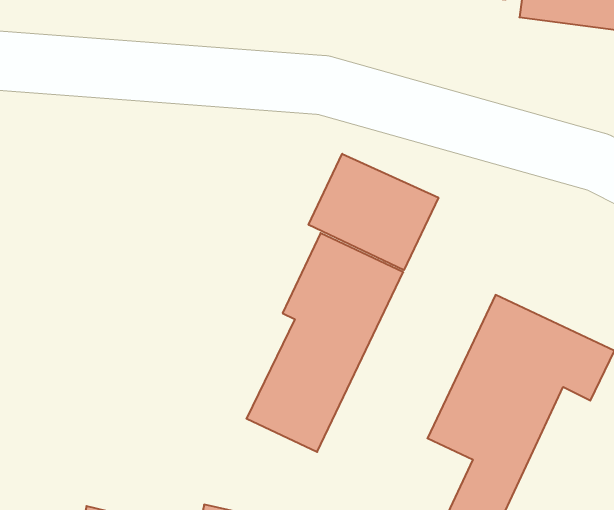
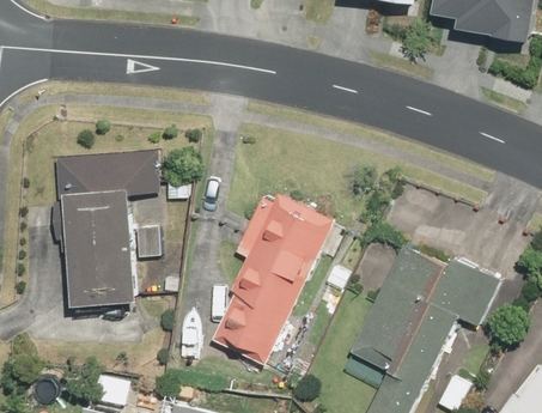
building: [309,154,438,270] -> none
building: none -> [59,151,169,306]

